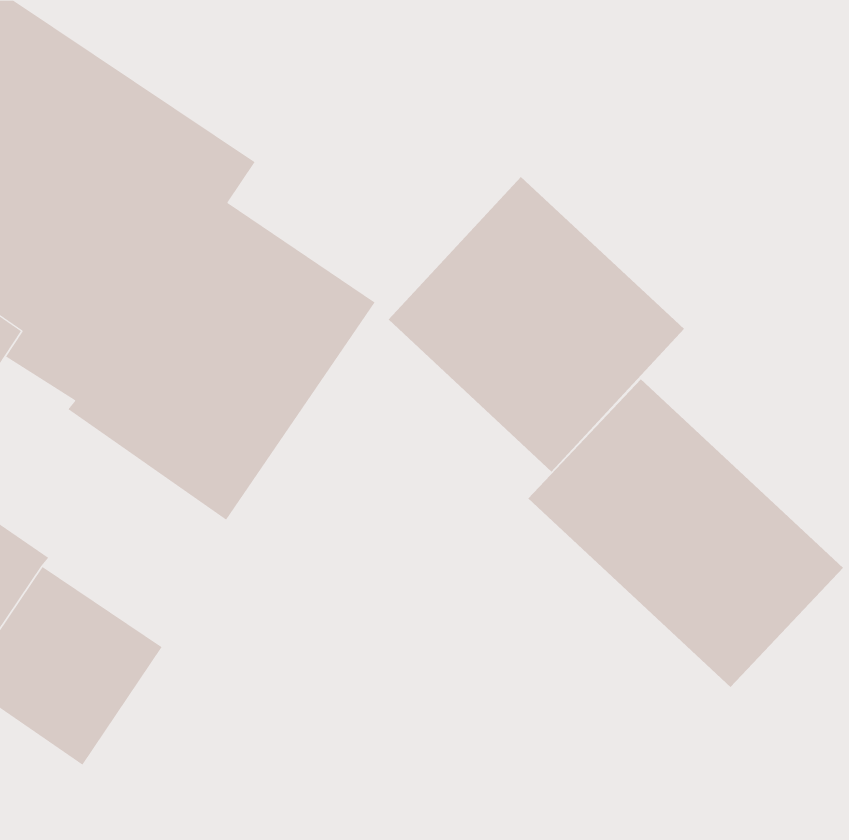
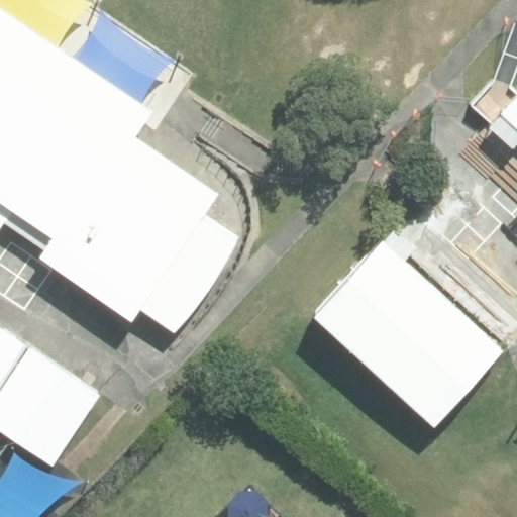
building: [388,176,685,472] -> none

